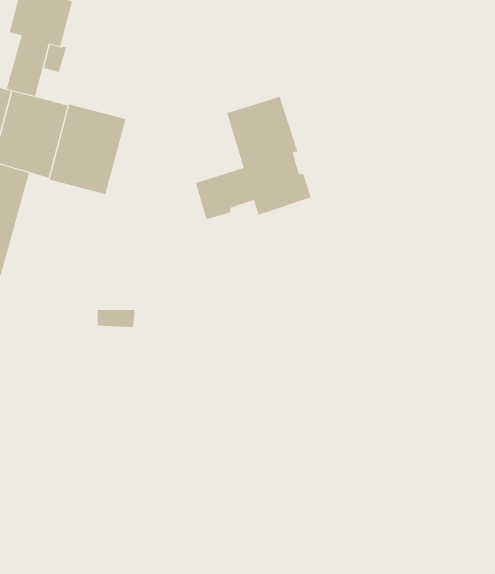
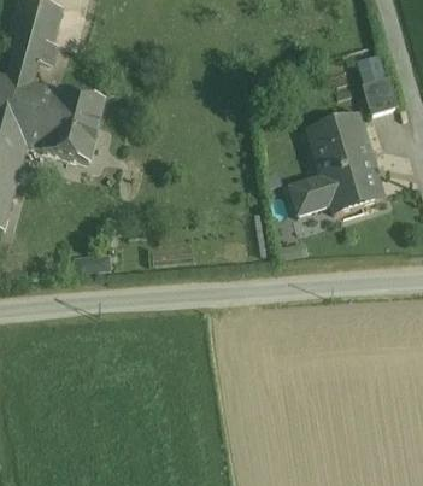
building: none -> [360,74,396,111]
building: [195,96,311,220] -> [287,113,381,213]

